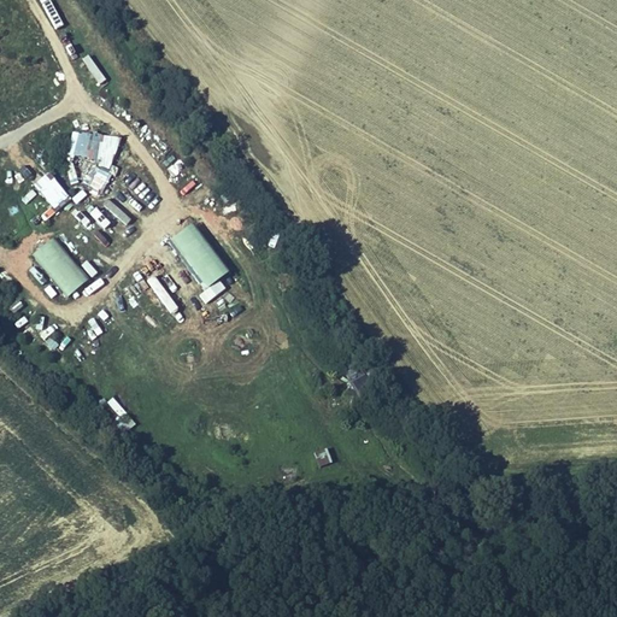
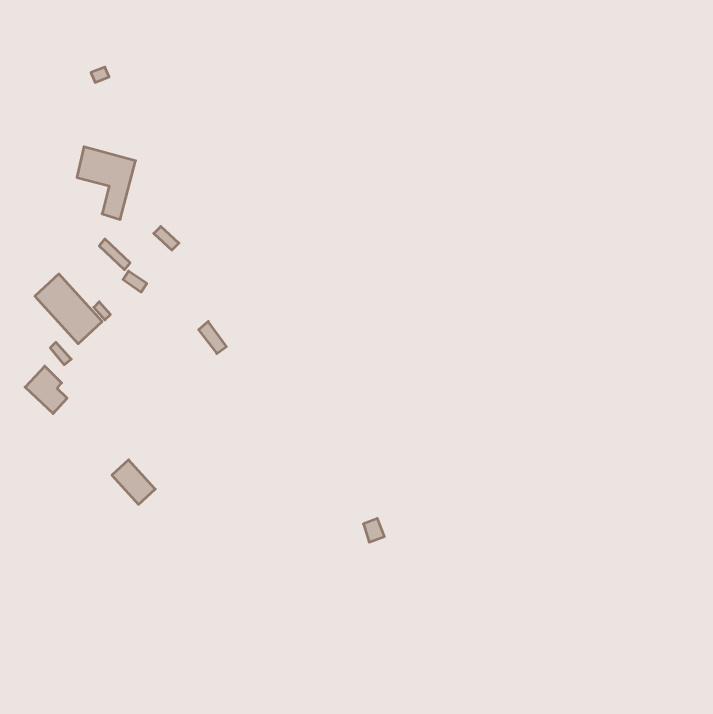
building: [34,171,72,211] -> none
building: [170,222,229,288] -> none

